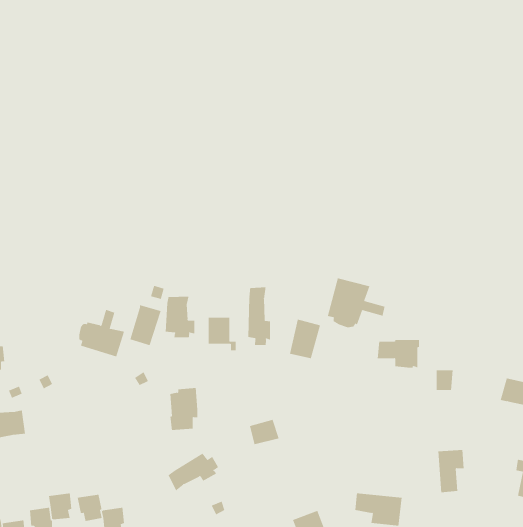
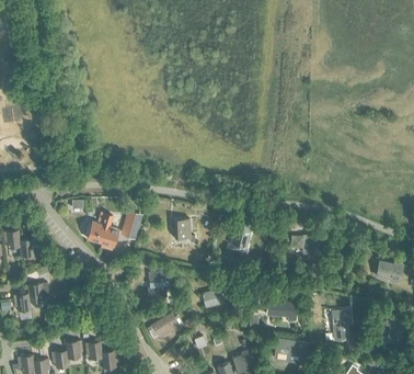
building: [327,277,385,328] -> none
building: [248,287,270,346] -> none
building: [165,296,195,338] -> none
building: none -> [266,299,297,320]

